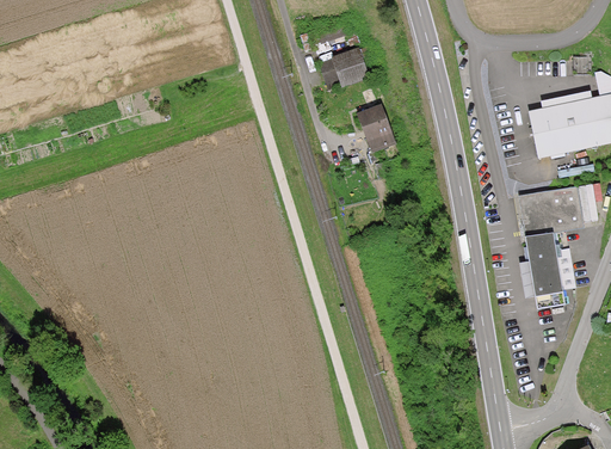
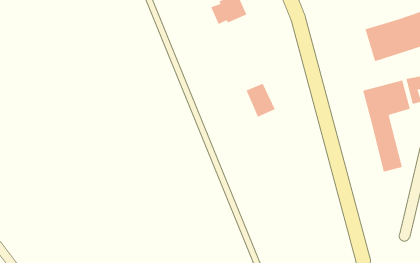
building: [358,105,397,153] -> [246,83,276,118]

